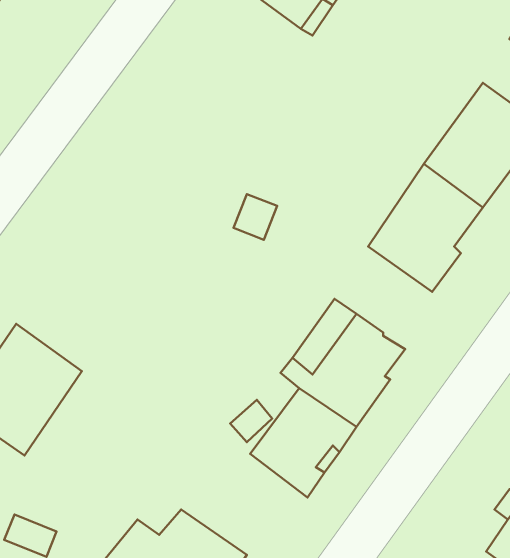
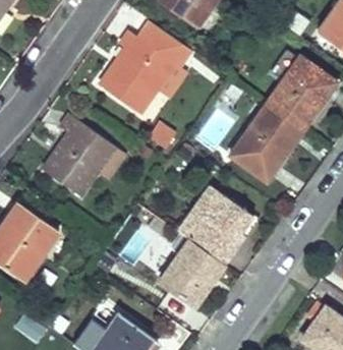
building: none -> [100,20,191,122]
building: none -> [42,114,116,195]

